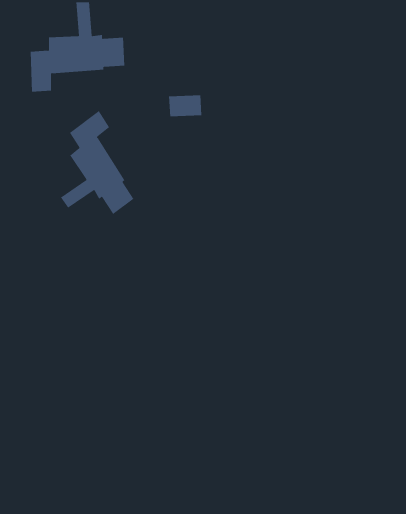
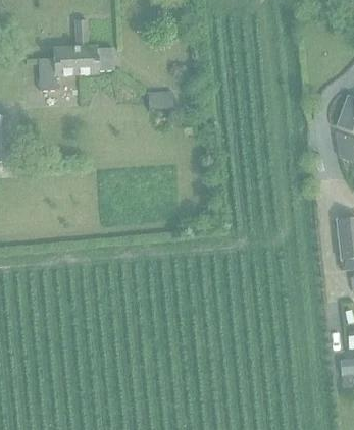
building: [60,110,134,215] -> none

